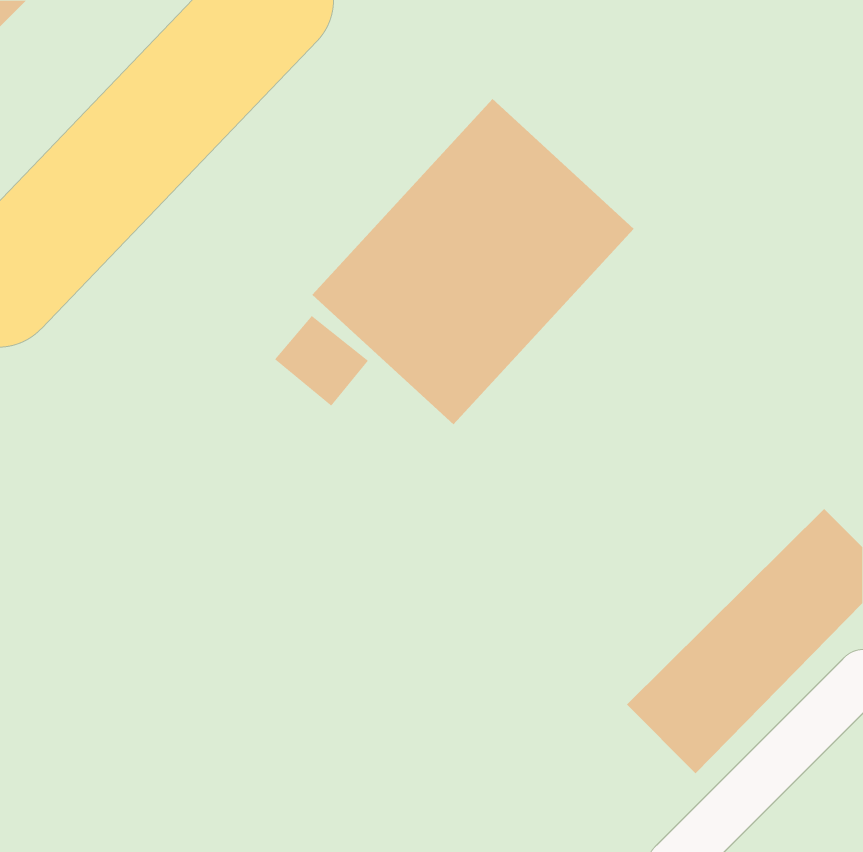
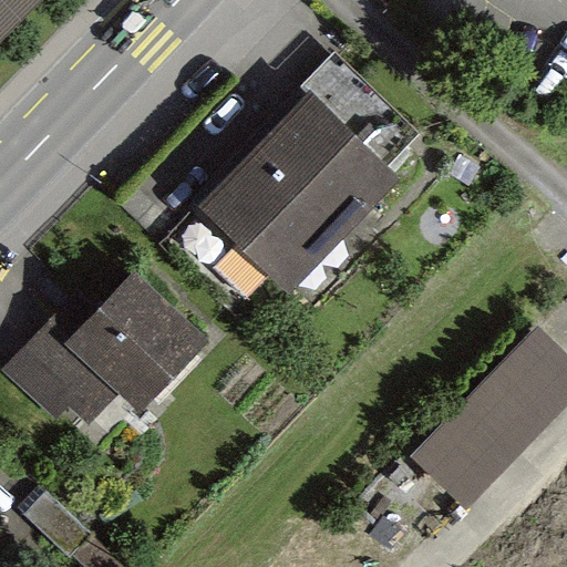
building: none -> [12,278,198,421]

